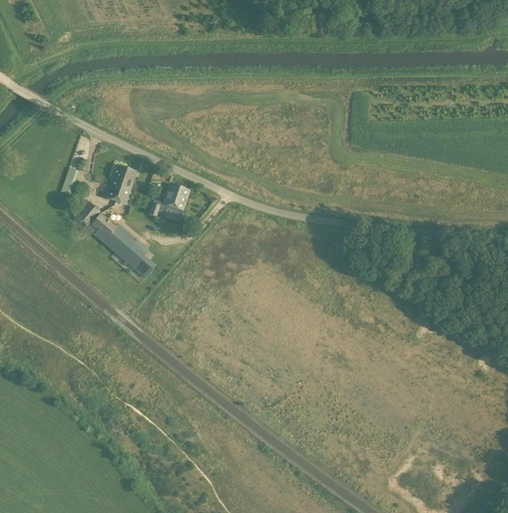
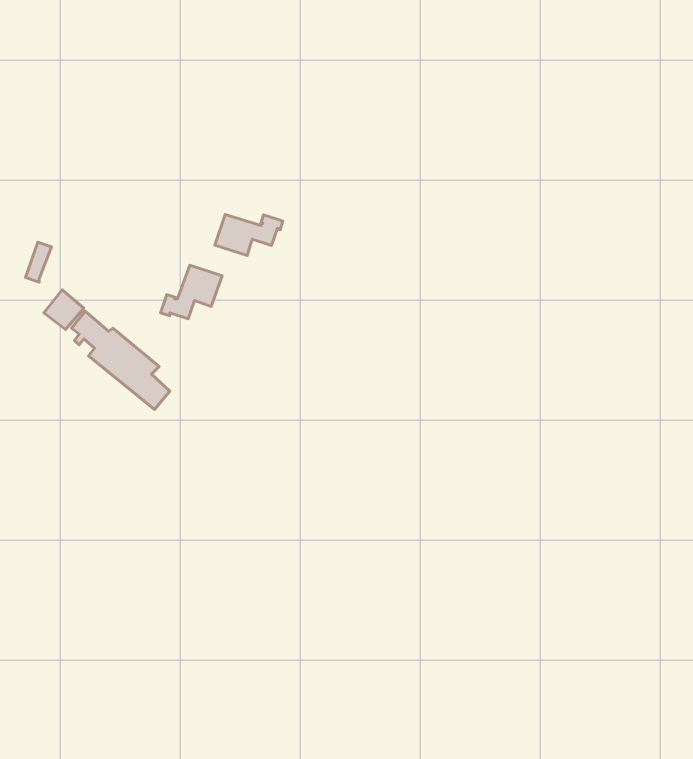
building: none -> [215,214,283,256]
building: [104,164,135,203] -> none

